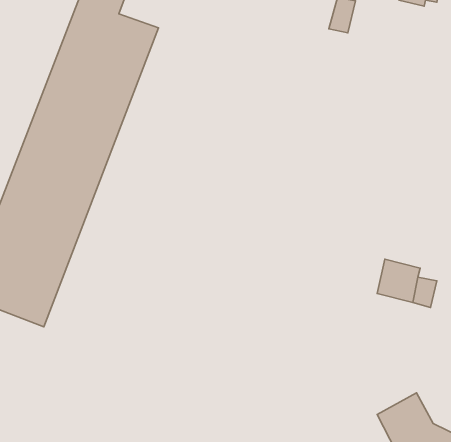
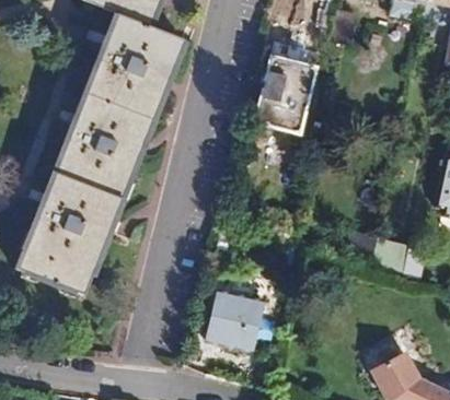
building: none -> [254,56,314,131]
building: none -> [205,291,264,348]

